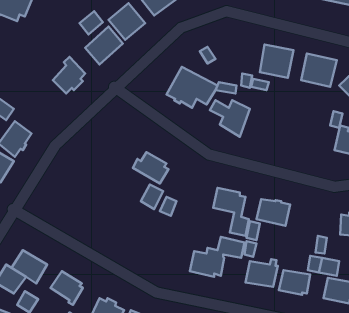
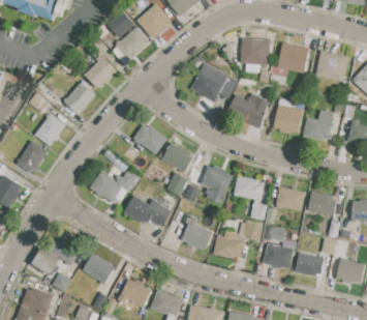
building: none -> [240,38,270,72]
building: none -> [64,83,95,113]
building: none -> [273,104,303,134]
building: none -> [303,111,336,141]
building: none -> [134,123,166,153]
building: none -> [201,166,233,204]
building: none -> [90,172,135,202]
building: none -> [307,192,336,215]
building: none -> [124,197,171,227]
building: none -> [182,215,212,249]

